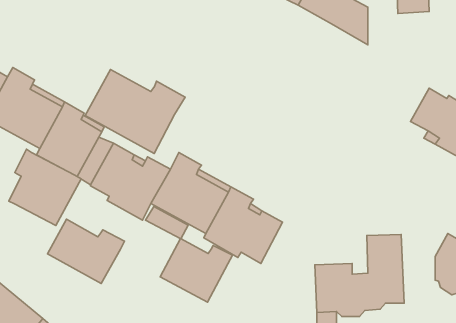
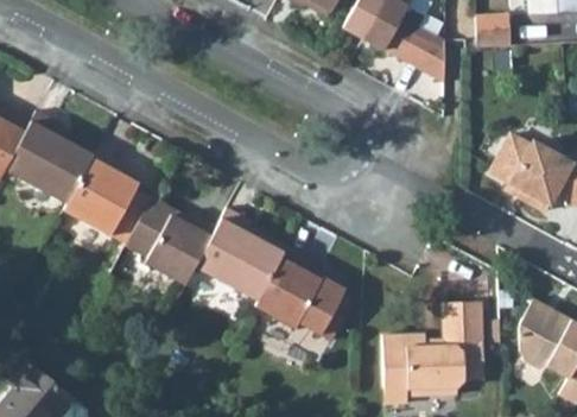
building: [85,69,185,154] -> none
building: [9,149,81,225] -> none
building: [47,219,125,284] -> none
building: [160,239,232,302] -> none

